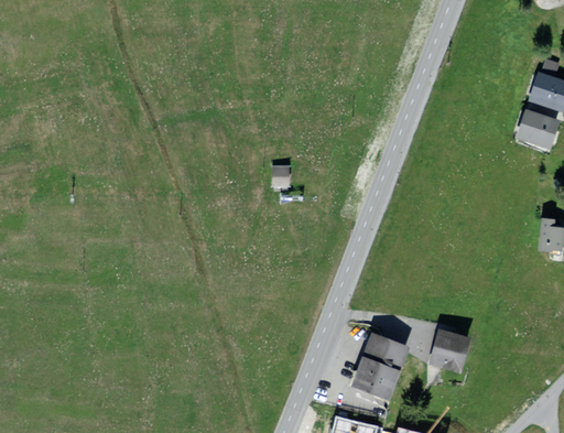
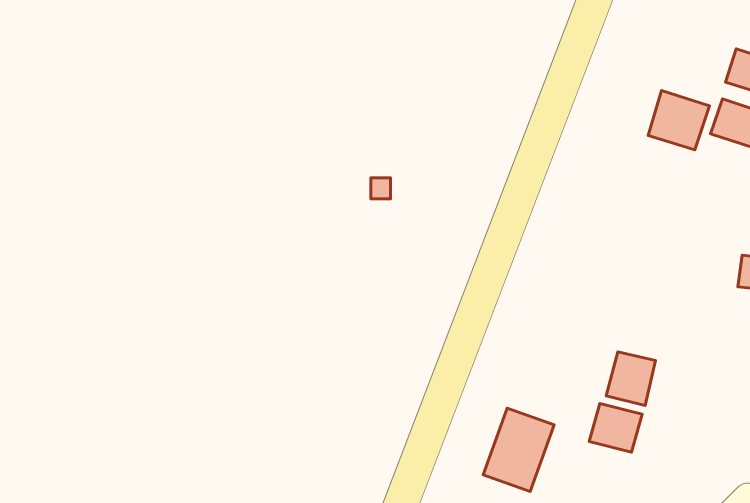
building: none -> [648,90,710,150]
building: none -> [606,352,655,406]

